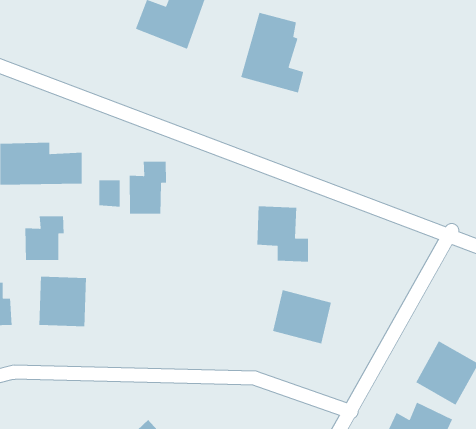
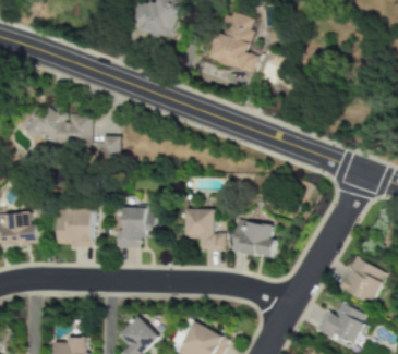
building: [129,161,167,215] -> none
building: [256,206,309,263] -> [185,208,225,251]
building: [24,215,65,261] -> none
building: none -> [117,207,156,247]

